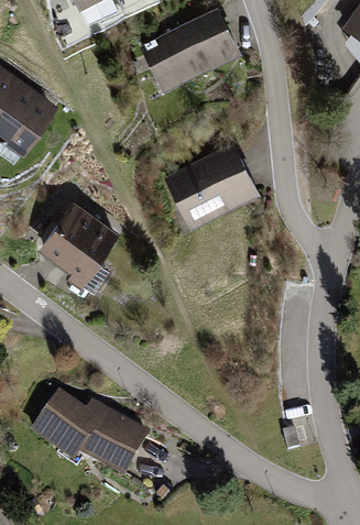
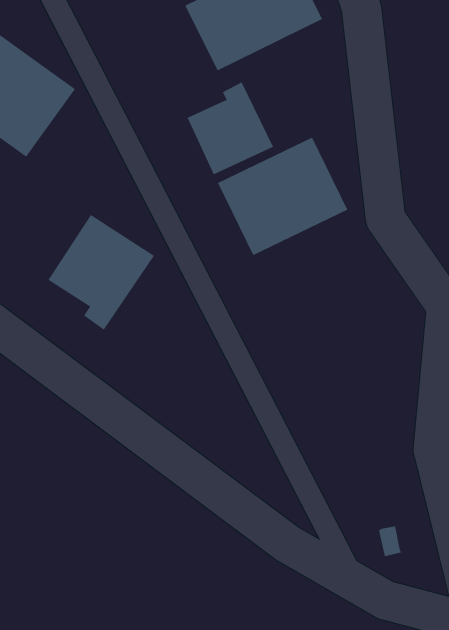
building: none -> [187,82,274,175]
building: [29,390,149,477] -> none

